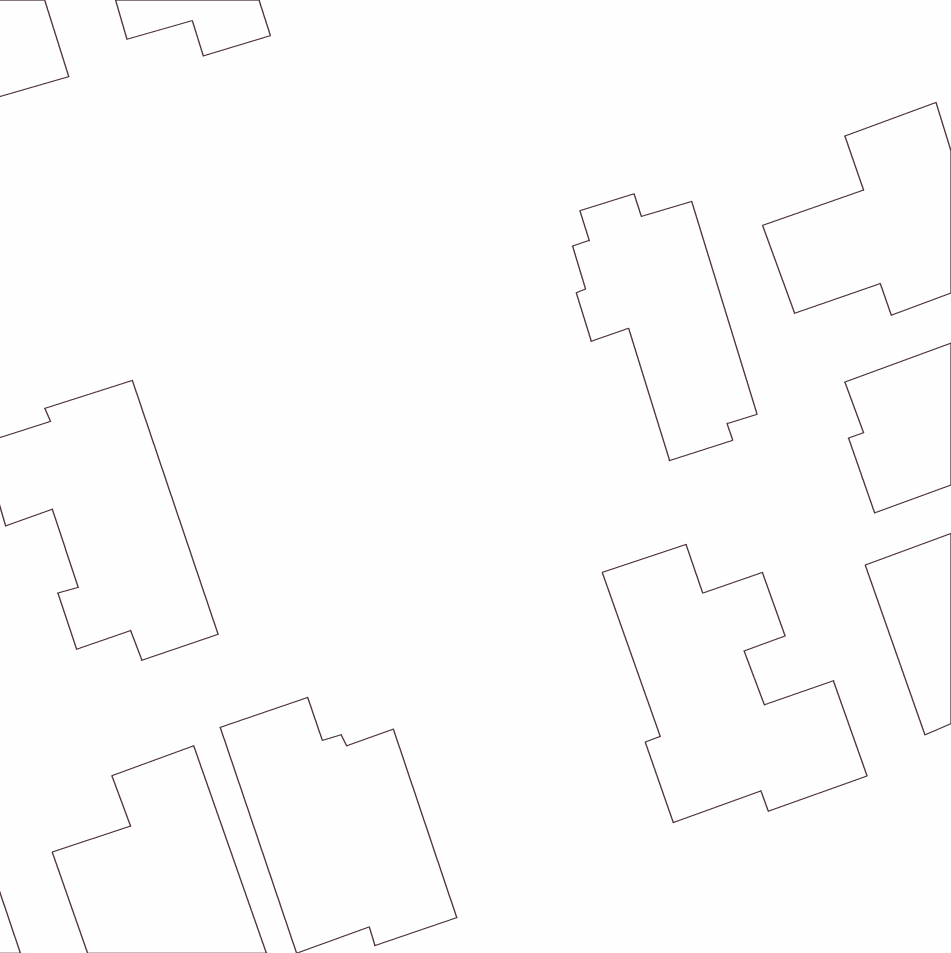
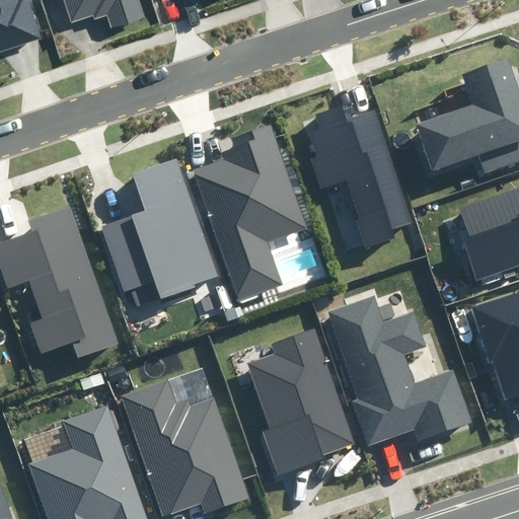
building: none -> [191,124,308,304]
building: none -> [100,160,218,296]
building: none -> [246,330,351,475]

